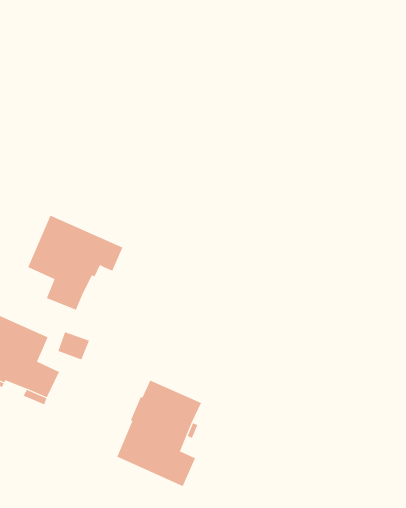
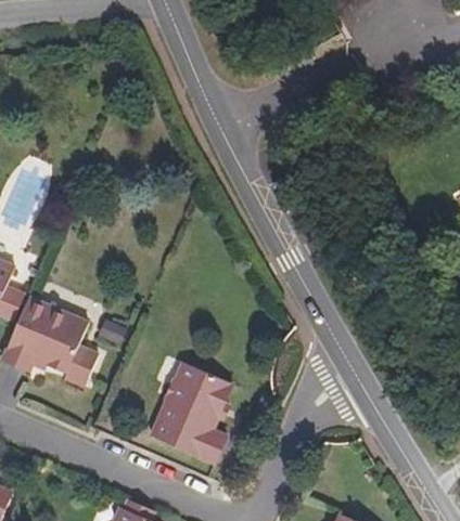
building: [27,215,123,311] -> none

